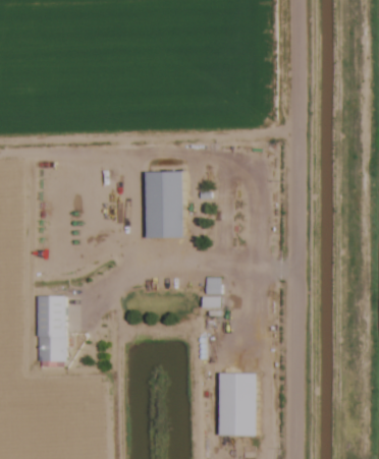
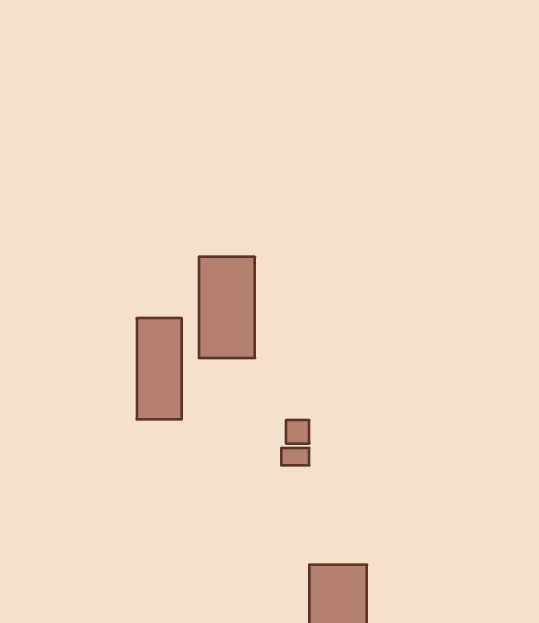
building: [36,295,65,361] -> [137,318,182,419]

